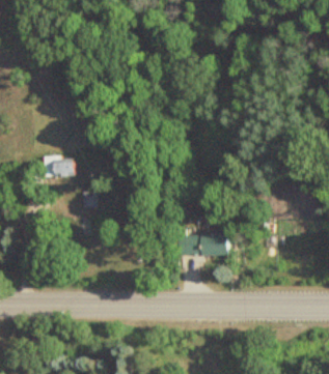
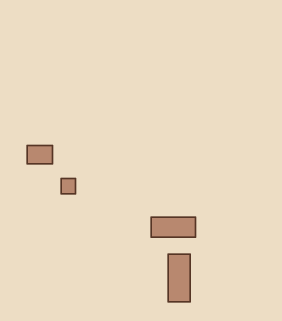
building: none -> [168,254,190,302]

